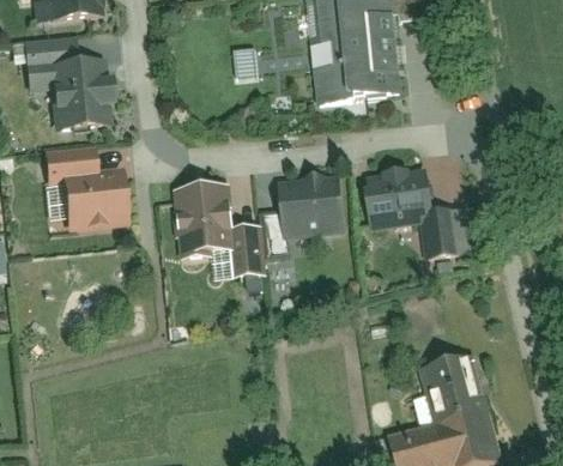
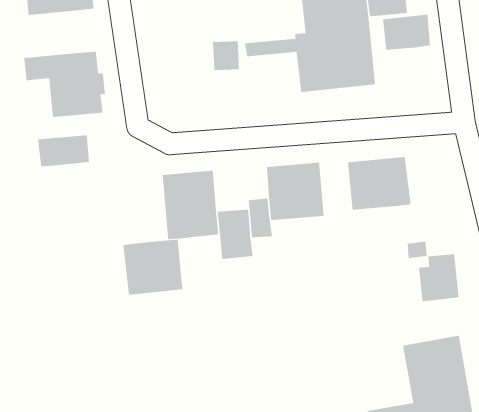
building: none -> [382,14,430,51]
building: [24,36,77,66] -> none
building: [65,171,128,230] -> [122,239,183,295]
building: [424,205,467,255] -> [418,254,459,302]

